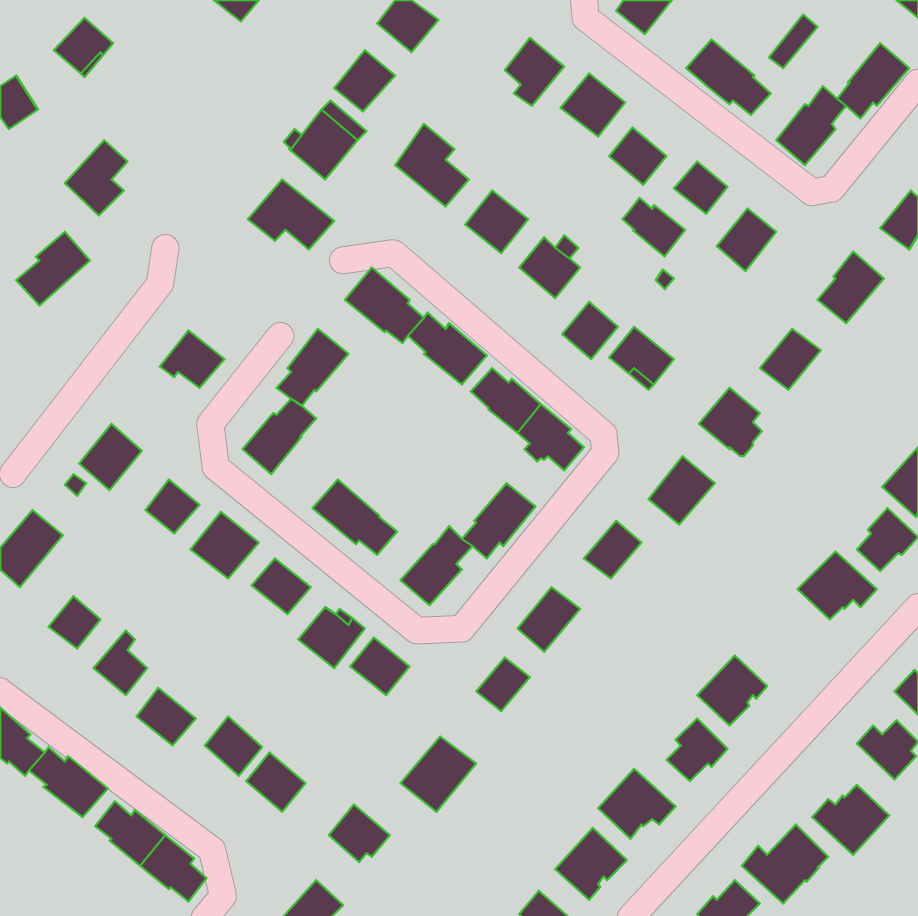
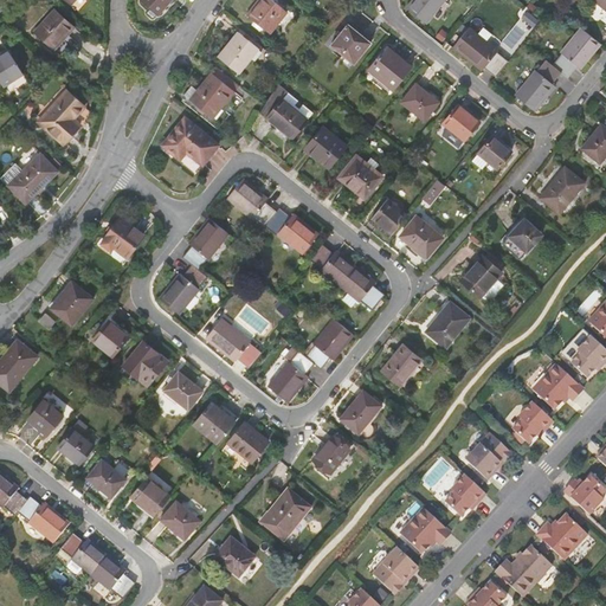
building: [622,198,685,257] -> none
building: none -> [505,401,547,444]

